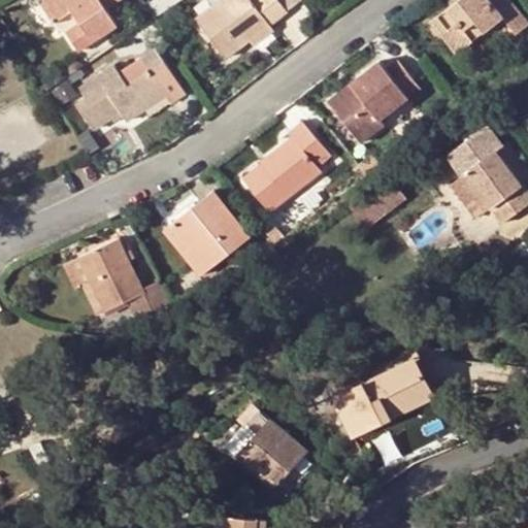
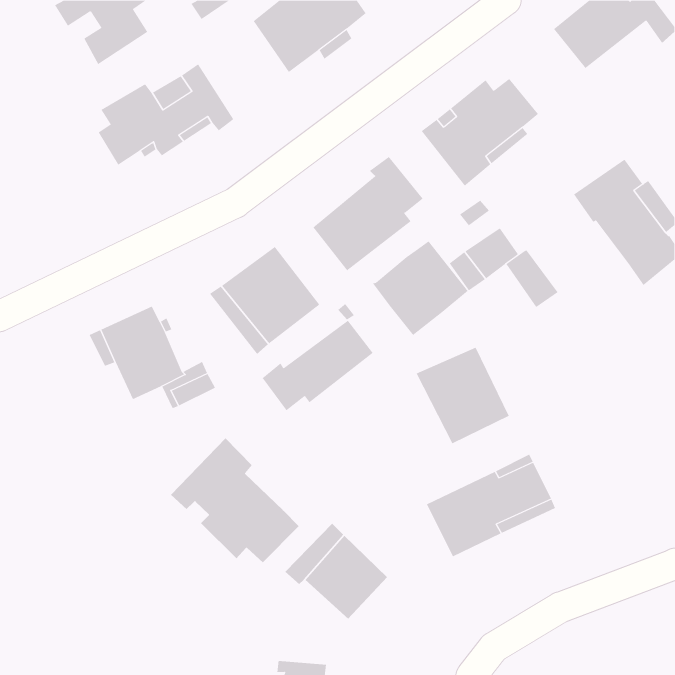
building: [448,173,489,219] -> [506,250,558,308]
building: none -> [372,240,469,336]
building: none -> [262,320,374,411]
building: none -> [416,347,510,444]
building: none -> [170,437,299,563]

